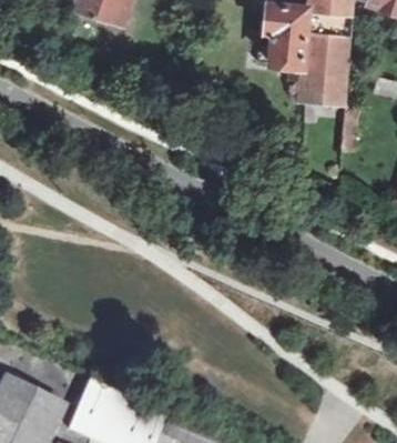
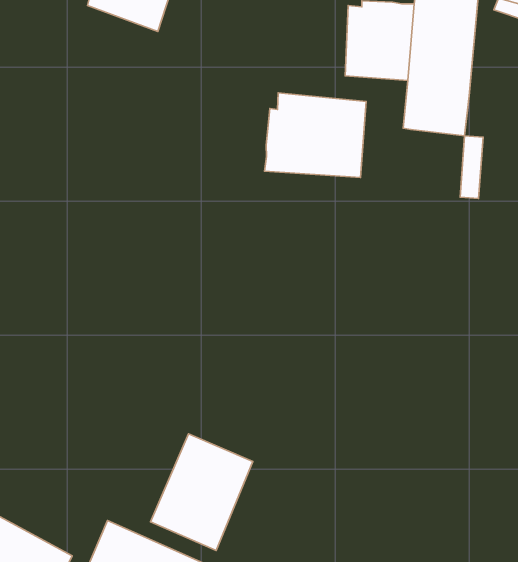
building: none -> [264,93,366,178]
building: none -> [150,434,253,550]

